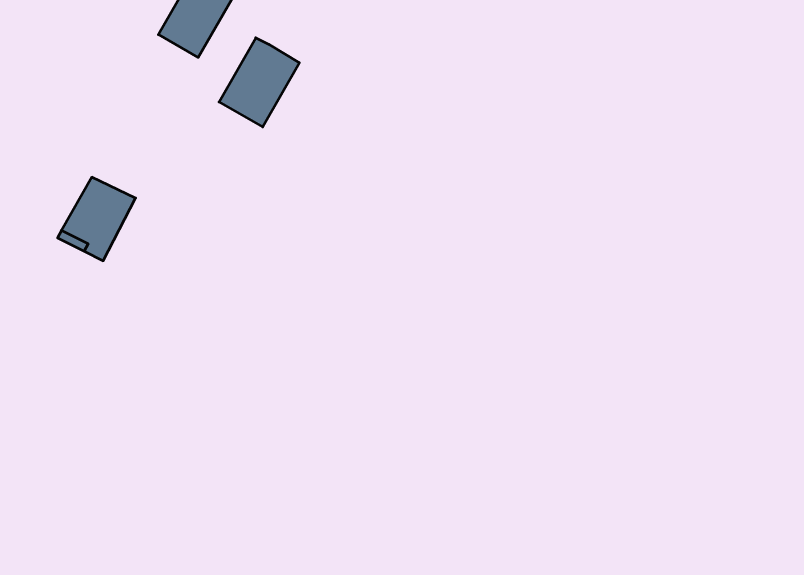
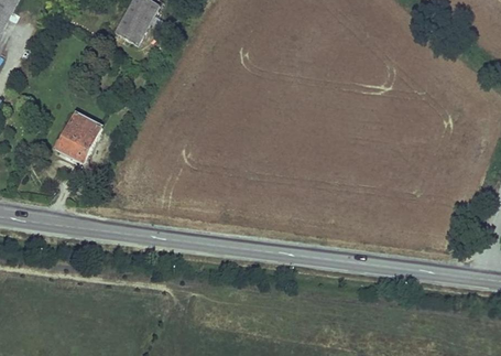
building: [219,38,299,127] -> none

